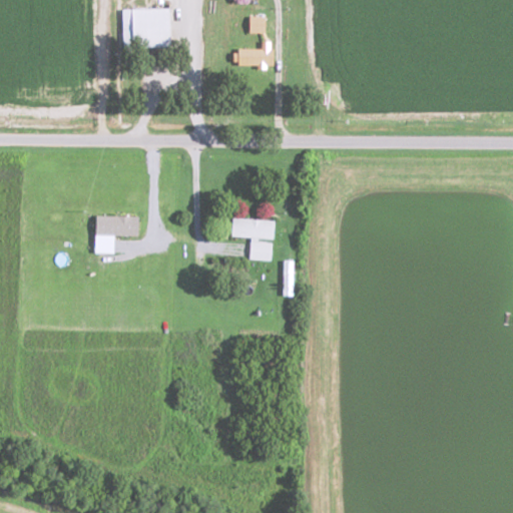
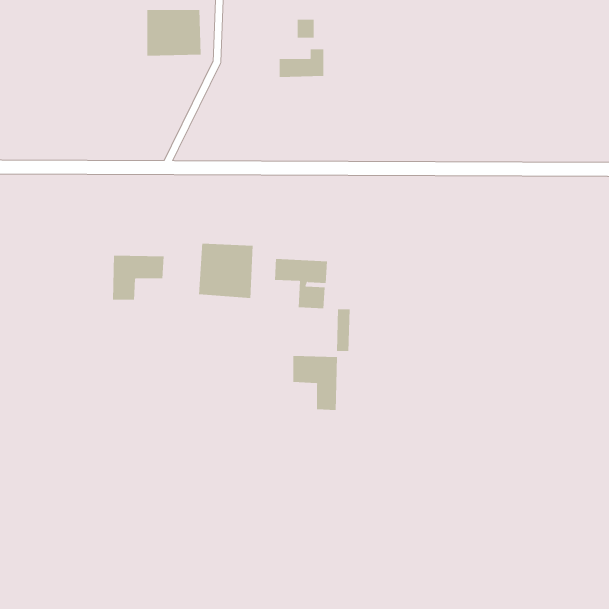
building: none -> [198,243,253,299]
building: none -> [293,355,337,411]

